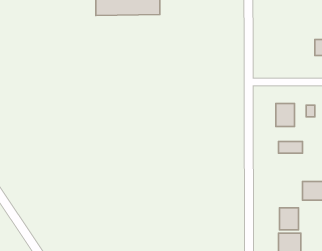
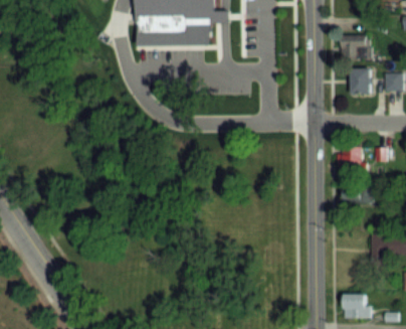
building: none -> [341,35,369,59]
building: none -> [350,68,371,94]
building: [280,208,299,230] -> none

